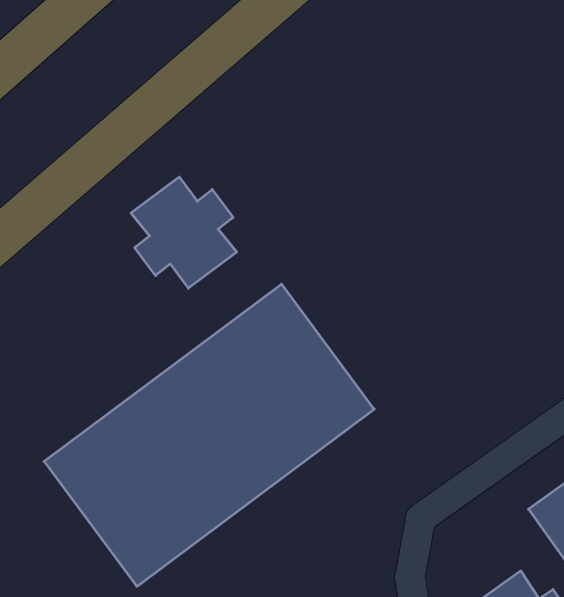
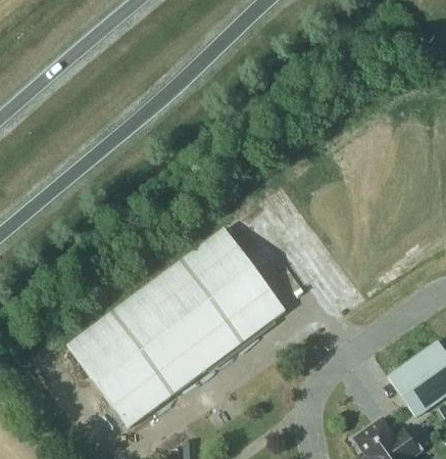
building: [131,177,237,288] -> none

